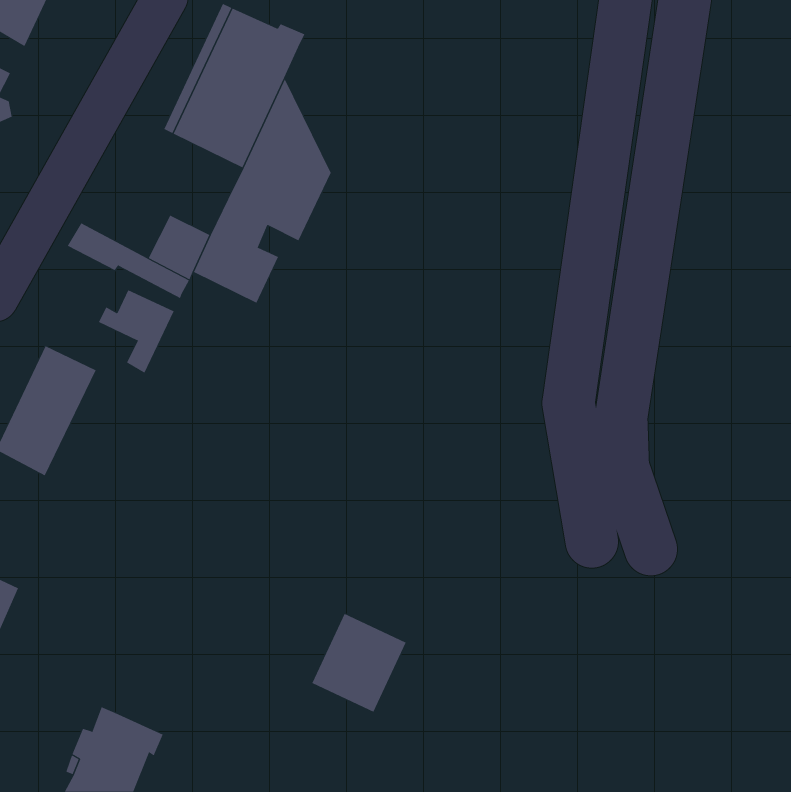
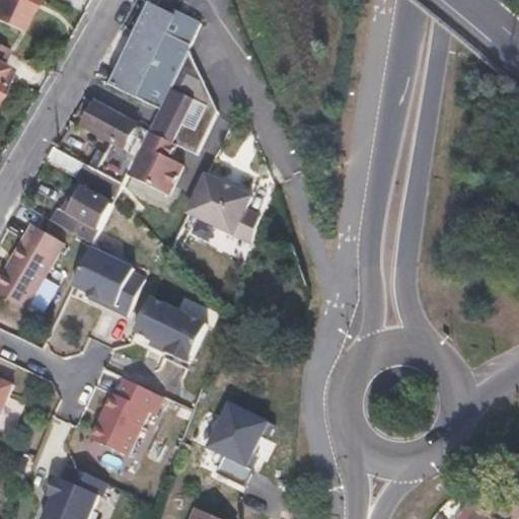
building: none -> [81,102,148,153]
building: none -> [184,176,256,241]
building: none -> [74,256,139,313]
building: none -> [135,296,203,359]
building: none -> [90,374,163,452]

